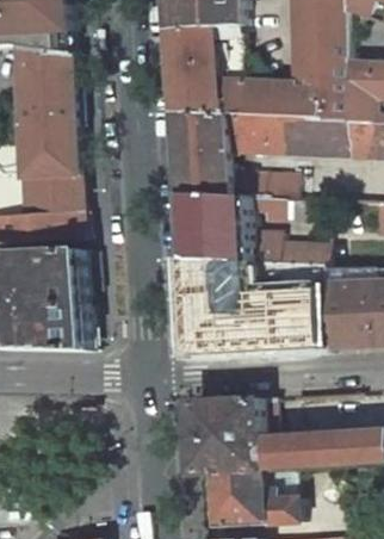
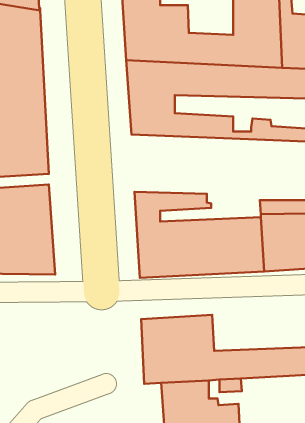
building: [176,194,327,264] -> none

